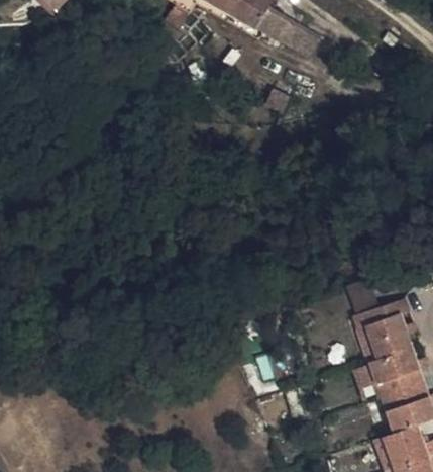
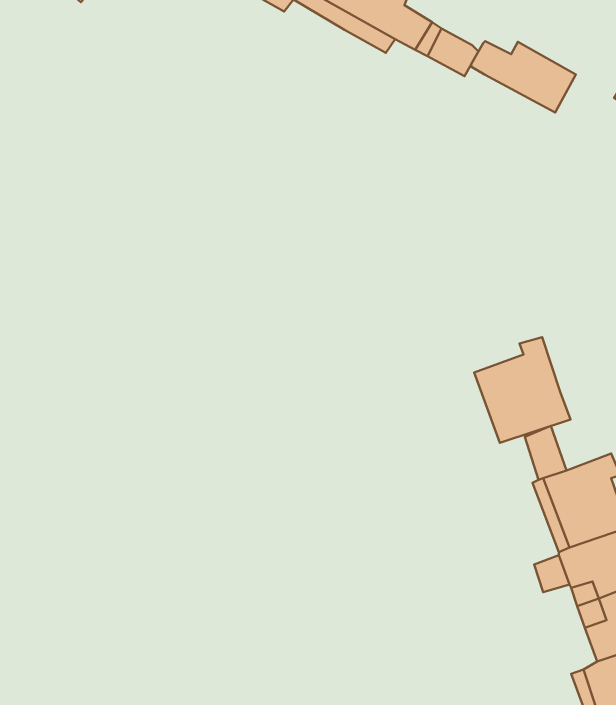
building: none -> [471,41,576,112]
building: none -> [474,337,571,443]

